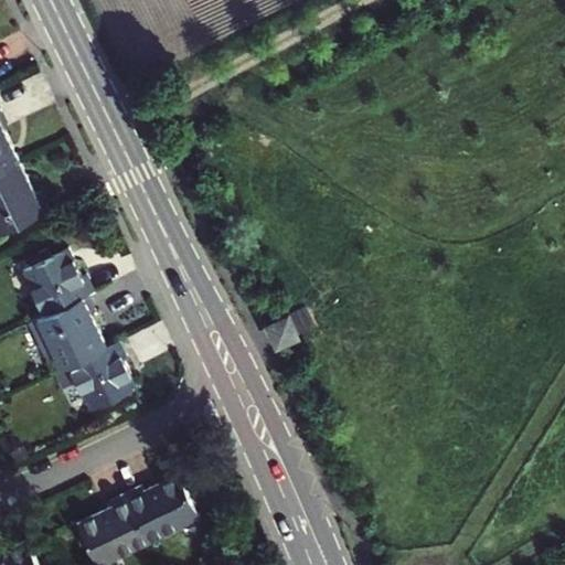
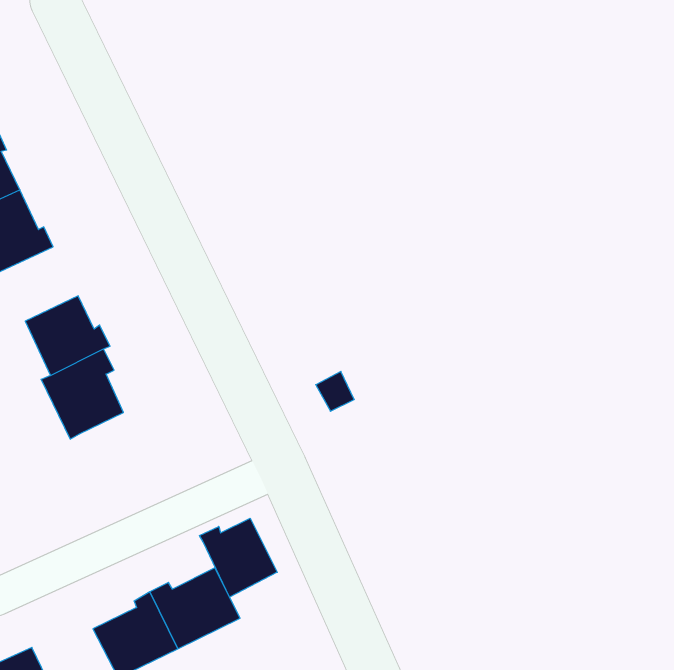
building: [66,343,132,412] -> none
building: none -> [199,518,277,597]

